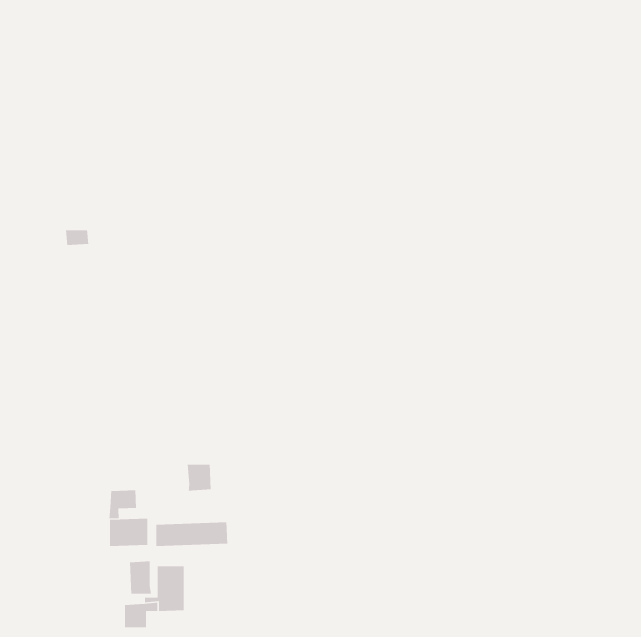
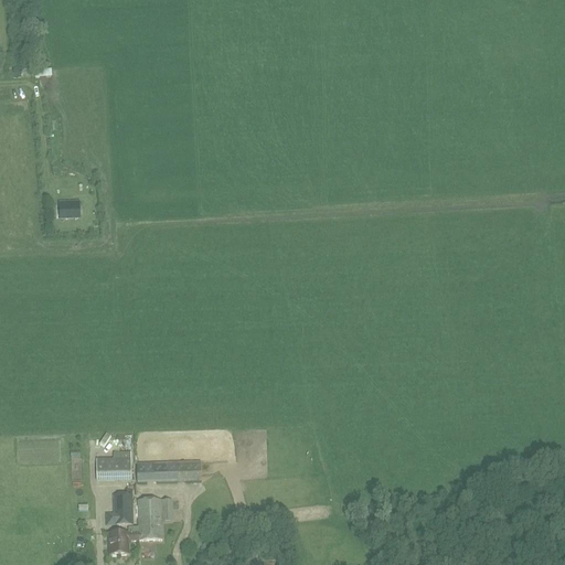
building: [187,464,211,491] -> none
building: [109,490,137,519] -> none

